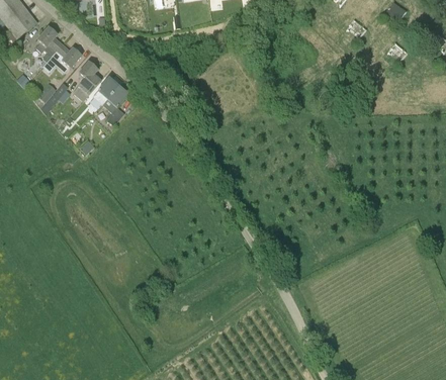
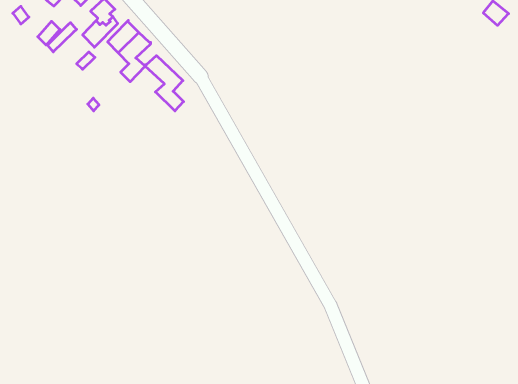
building: none -> [145,56,184,111]

